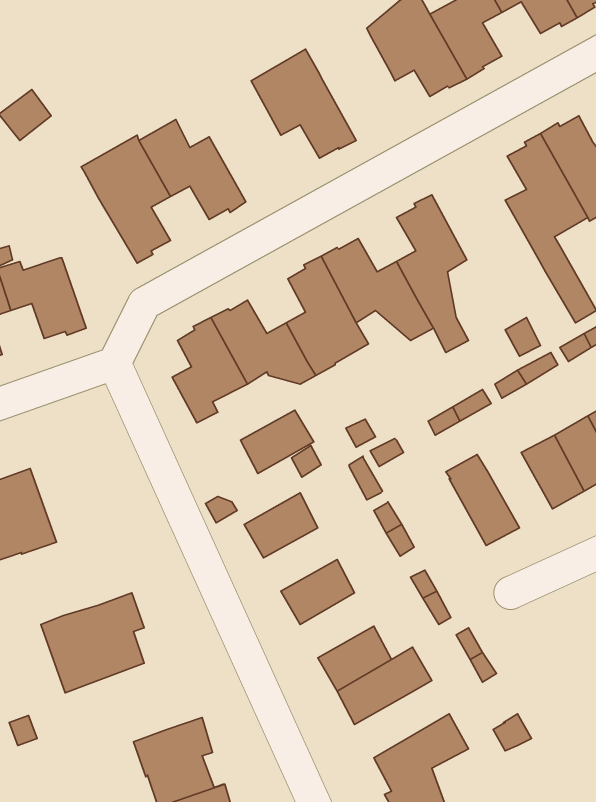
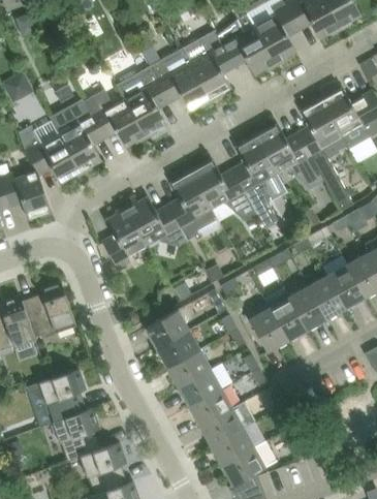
building: none -> [182,31,234,102]
building: none -> [118,67,167,138]
building: none -> [20,121,83,185]
building: none -> [256,124,323,187]
building: [240,410,314,473] -> [157,331,200,368]
building: none -> [20,281,76,339]
building: none -> [289,286,327,331]
building: none -> [246,302,288,352]
building: none -> [179,369,222,407]
building: none -> [54,408,100,461]
building: none -> [211,428,254,466]

